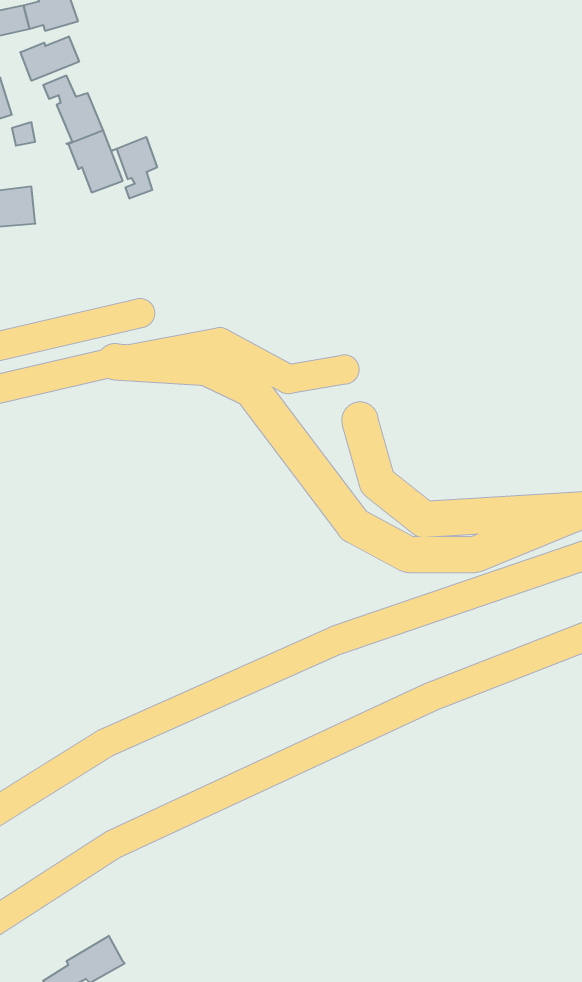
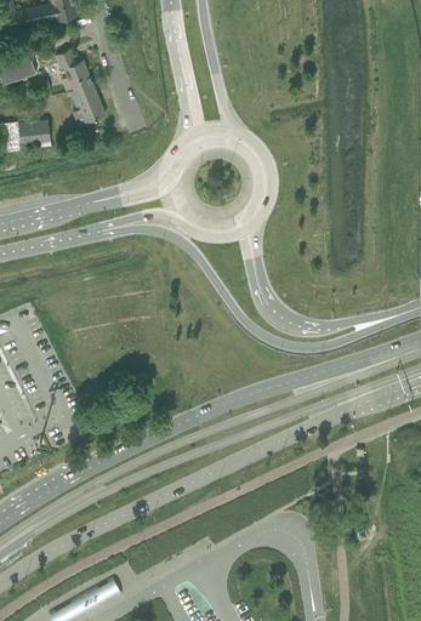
building: [20,36,79,81] -> none
building: [111,137,157,199] -> none

